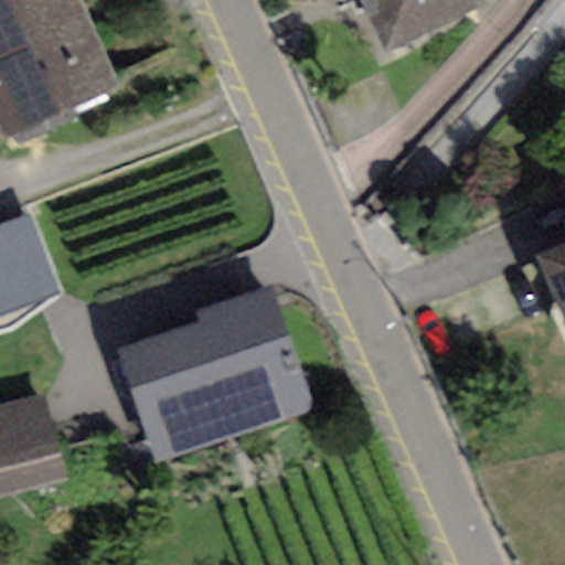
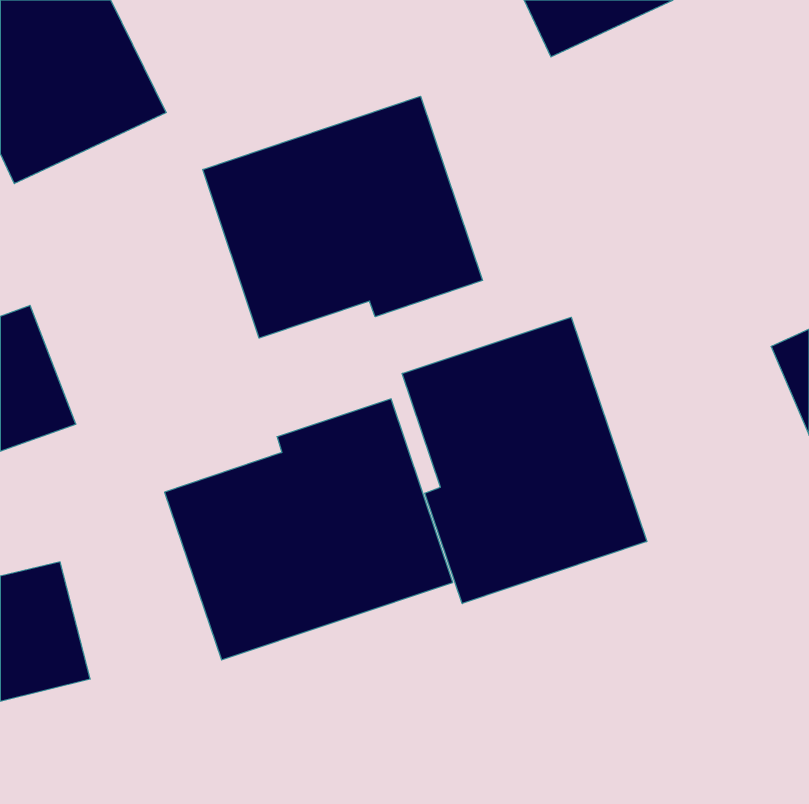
building: none -> [203,96,482,338]
building: none -> [402,317,647,604]

